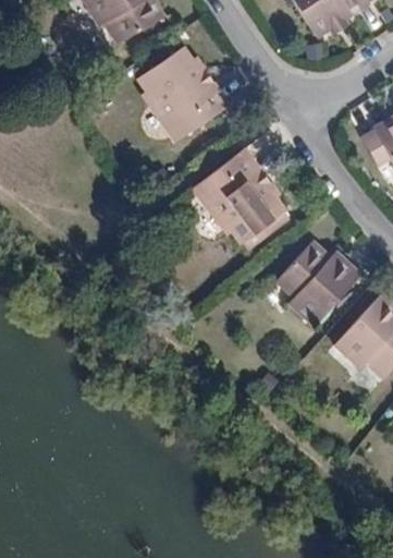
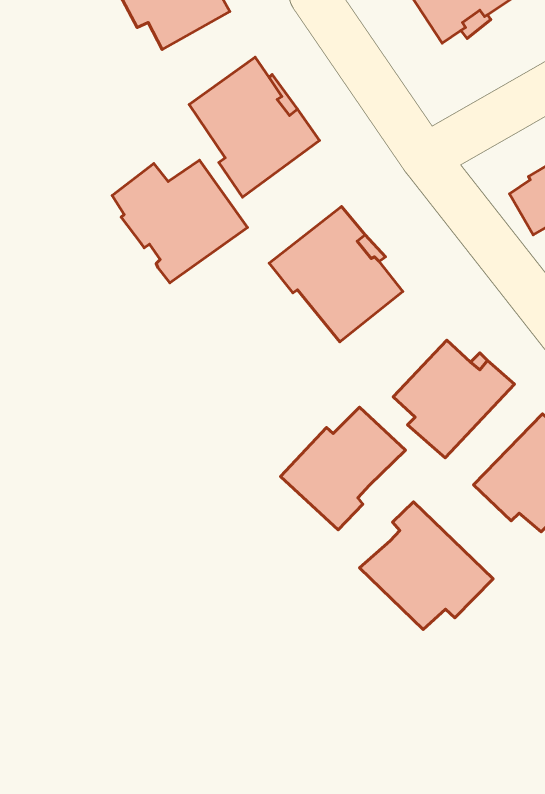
building: none -> [112,160,248,283]
building: none -> [280,407,406,530]
building: none -> [359,502,493,630]

